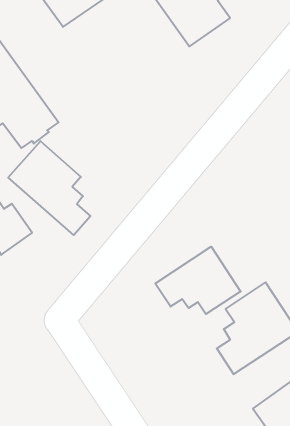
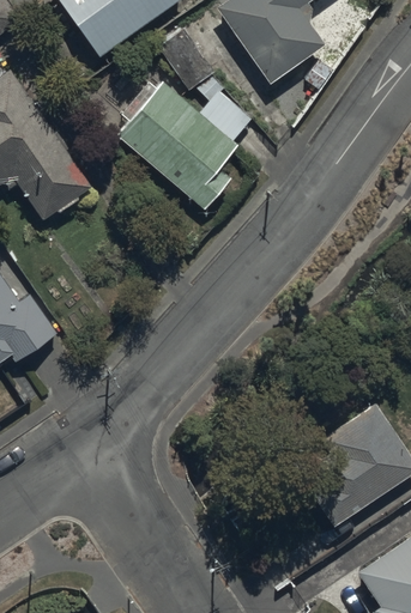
building: none -> [116,29,252,210]
building: [8,141,90,235] -> none
building: [155,247,241,314] -> none

